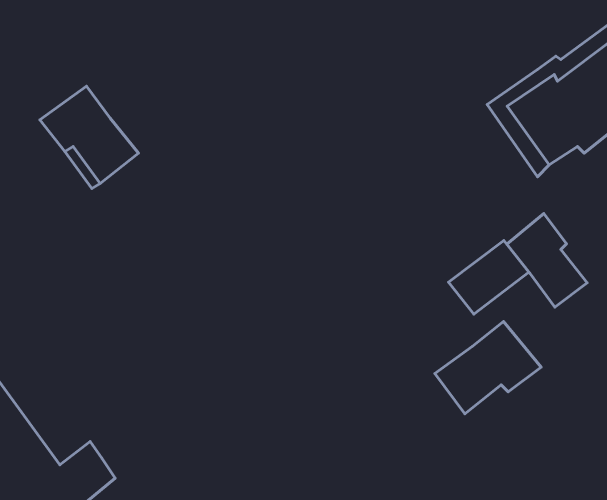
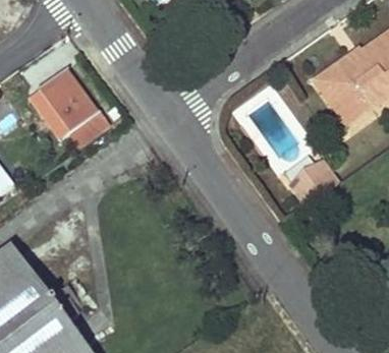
building: [507,214,587,307] -> none
building: [435,321,541,414] -> none

